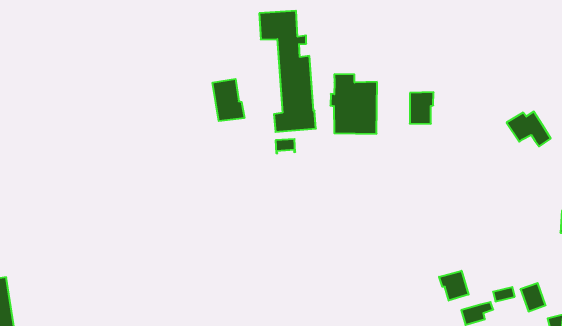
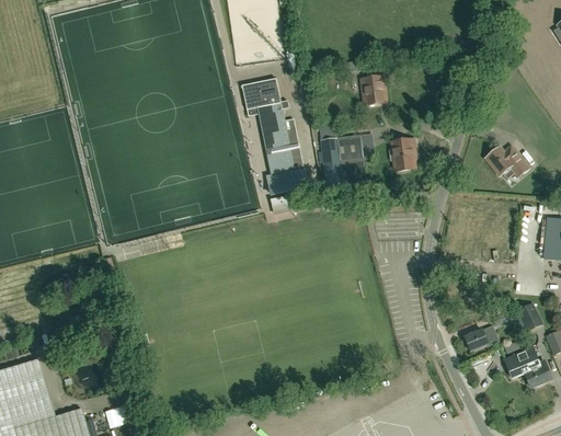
building: none -> [360,76,386,104]
building: [213,79,244,121] -> none
building: [439,271,469,301] -> none

